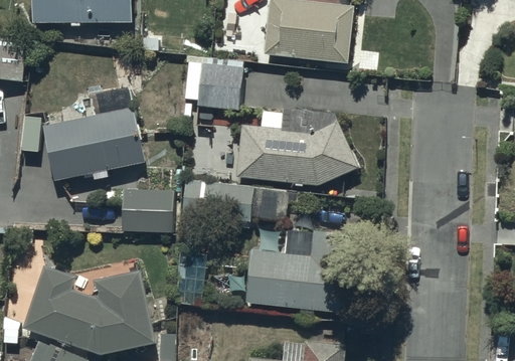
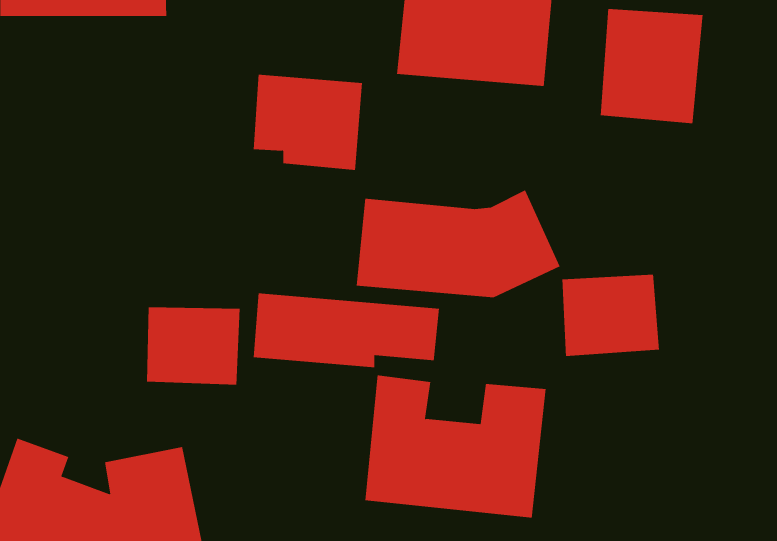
building: none -> [600,8,703,124]
building: [42,85,146,181] -> none
building: none -> [562,274,659,357]

